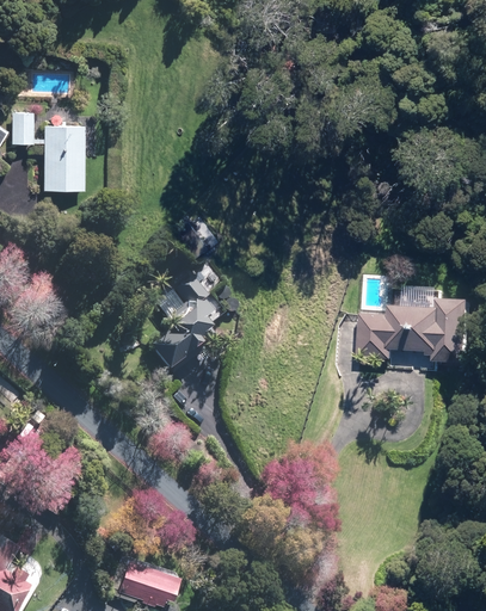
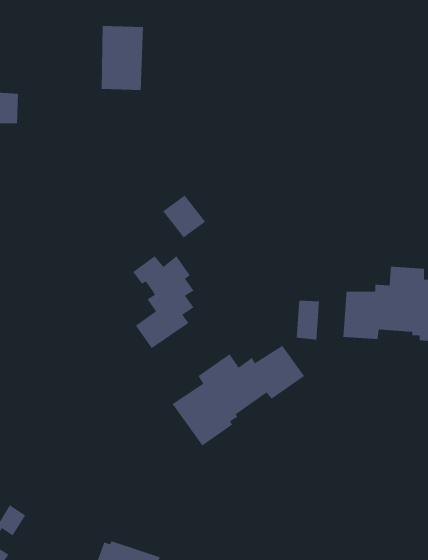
building: [44,125,87,191] -> [101,25,144,91]
building: none -> [296,300,320,341]
building: none -> [172,345,305,447]

